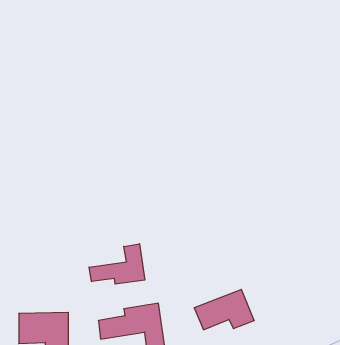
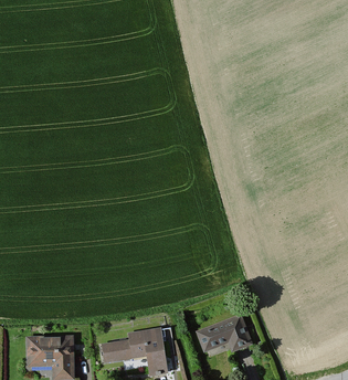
building: [89,244,145,284] -> none

